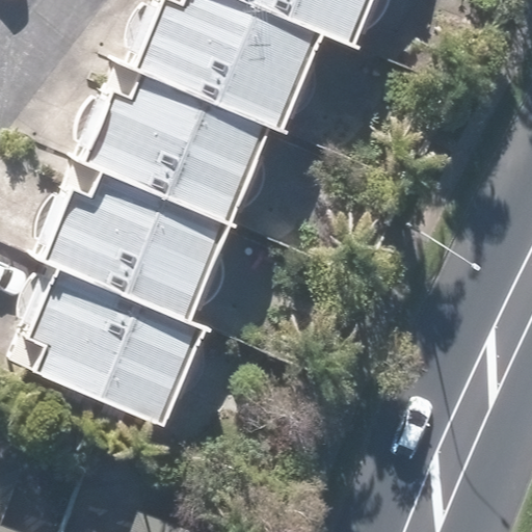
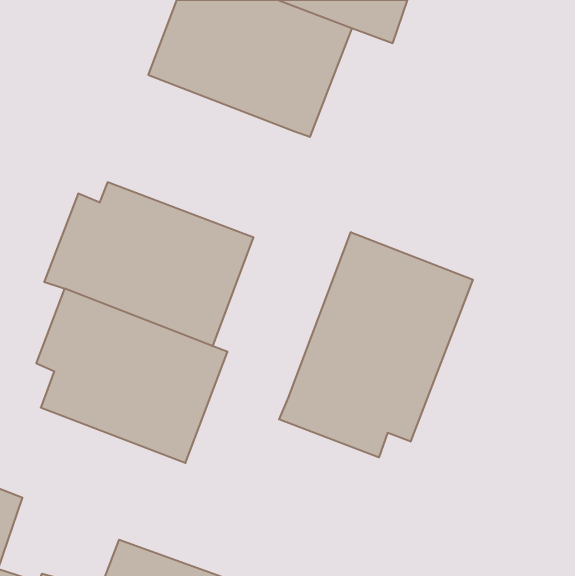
building: [80,71,270,220] -> none
building: none -> [279,232,473,457]

